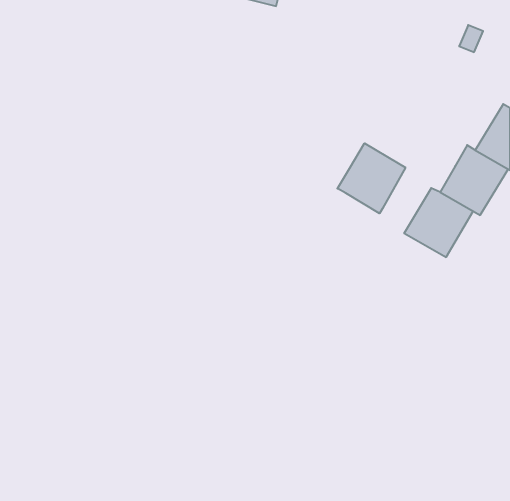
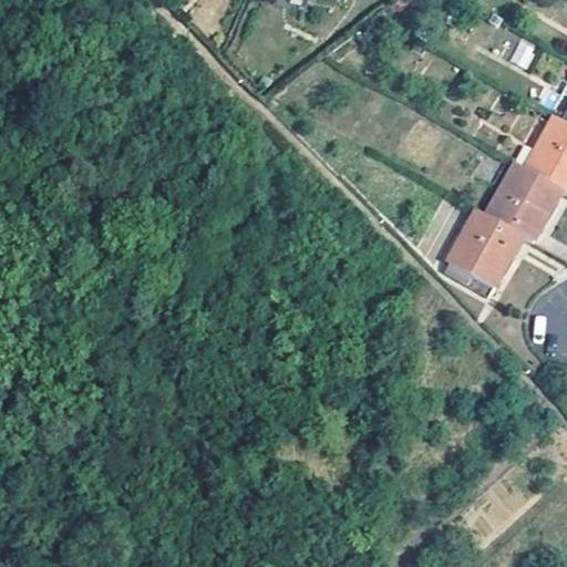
building: [337,143,405,213] -> none

